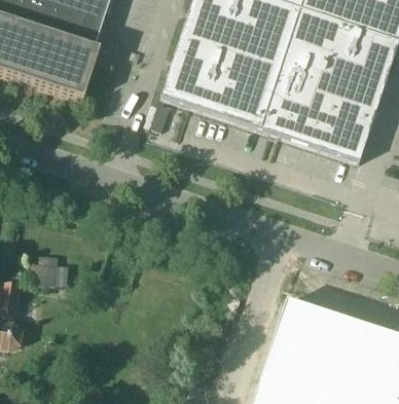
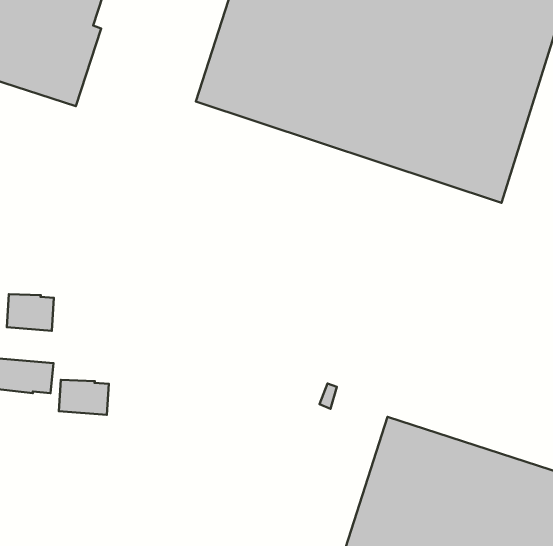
building: none -> [7,294,54,331]
building: none -> [59,380,109,415]

